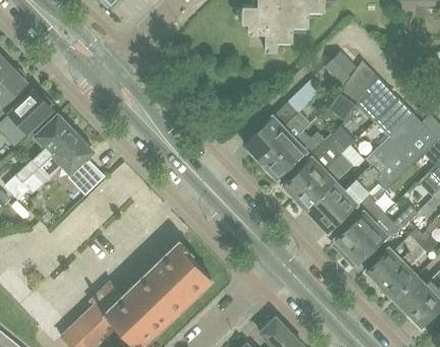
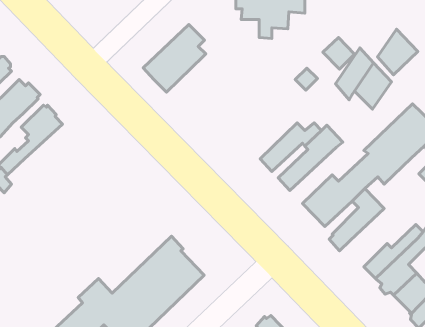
building: [374,94,412,137] -> [378,29,418,75]
building: [243,103,304,168] -> [143,24,206,92]
building: [39,134,93,176] -> none
building: [294,157,349,211] -> none
building: [71,162,104,194] -> none
building: [342,209,416,268] -> none

